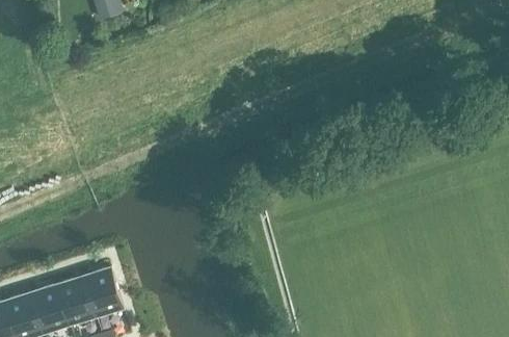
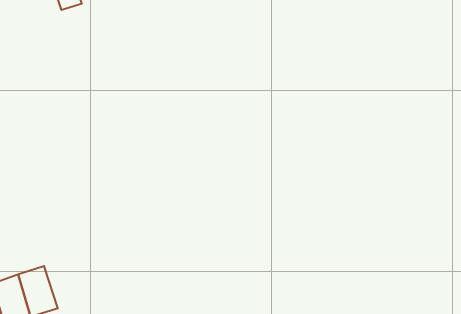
building: [82,266,123,316] -> none

